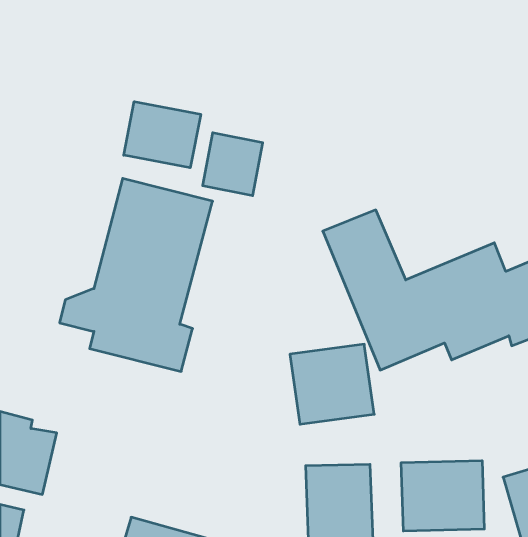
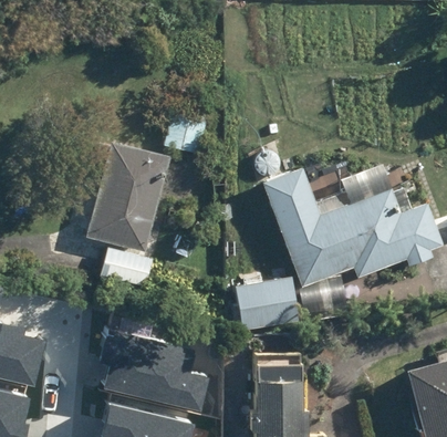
building: [124,102,201,168] -> none
building: none -> [97,323,215,409]
building: [401,461,484,531] -> none

